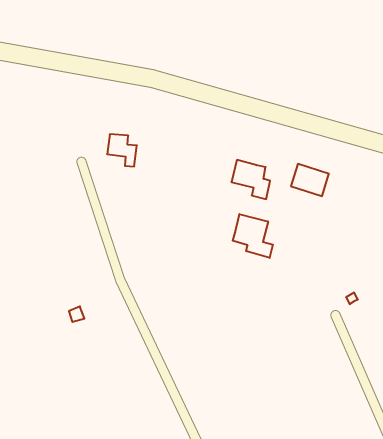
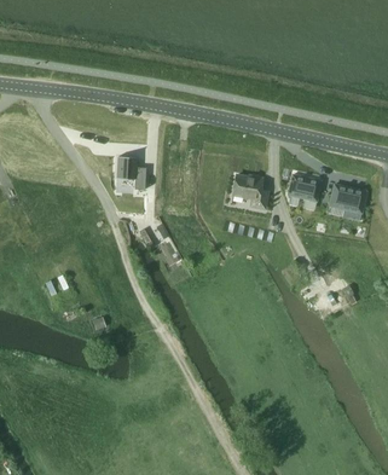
building: none -> [329,185,365,213]
building: [233,214,273,258] -> none

